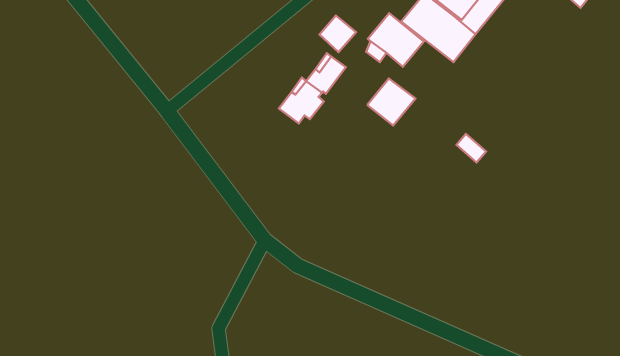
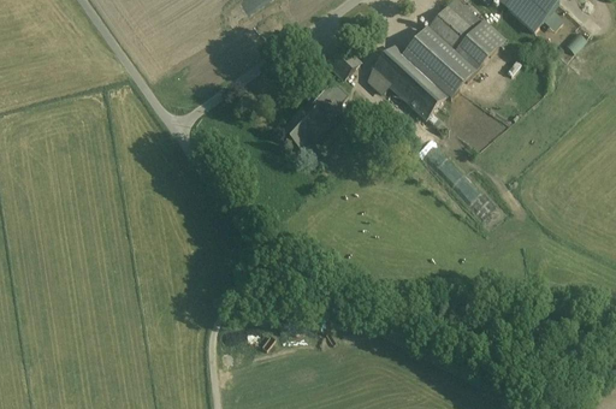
building: [368,79,416,125] -> [401,75,446,119]

